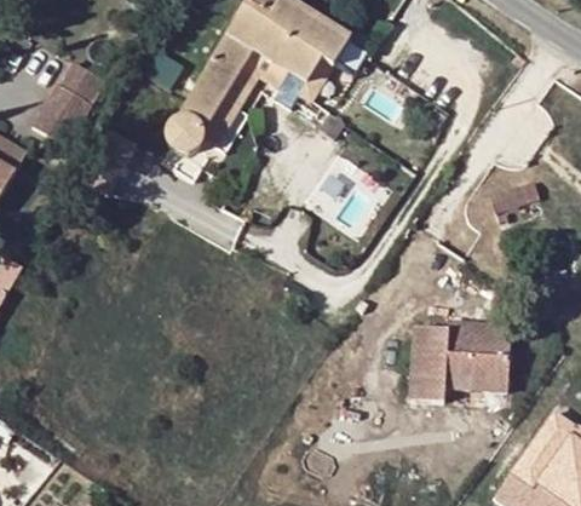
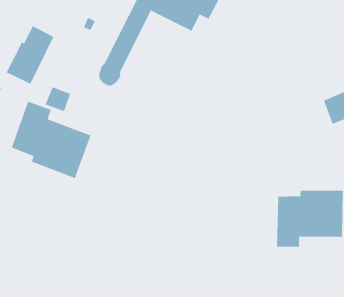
building: [197,51,328,149] -> none
building: none -> [11,101,91,179]

